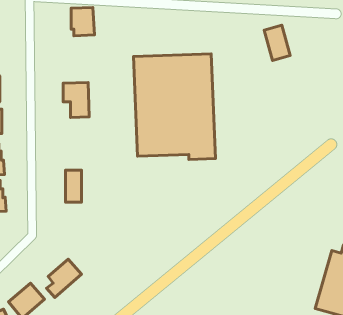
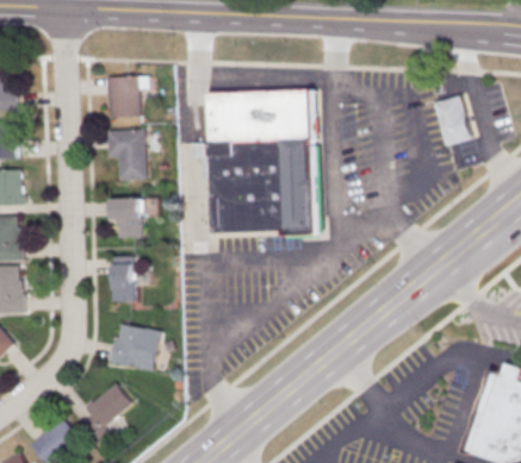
building: [71,7,95,36] -> [107,77,141,118]
building: [264,25,290,60] -> [436,96,473,146]
building: none -> [108,200,142,239]
building: none -> [111,325,161,371]

